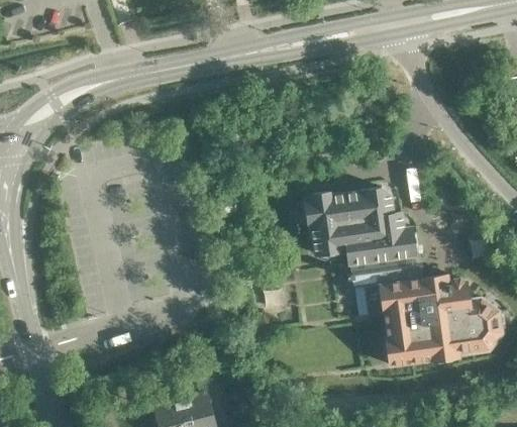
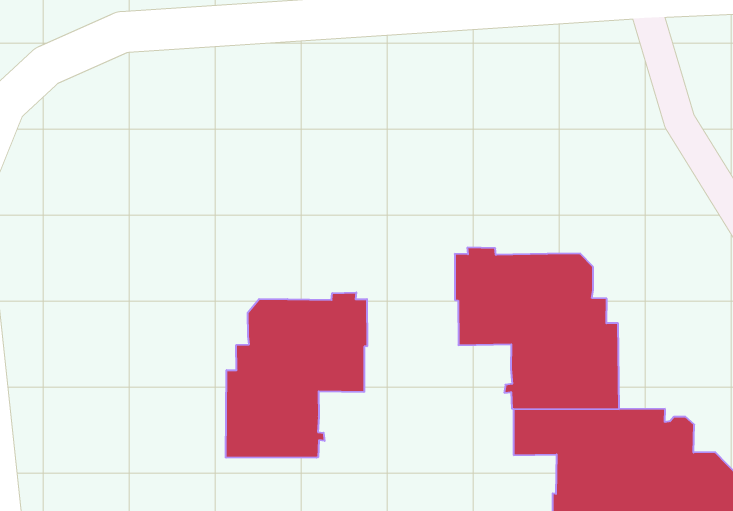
building: none -> [226,292,367,458]

